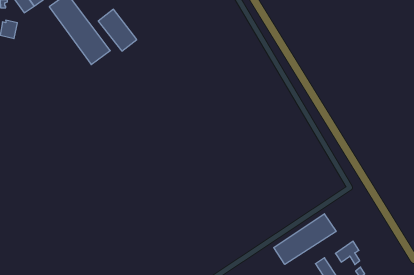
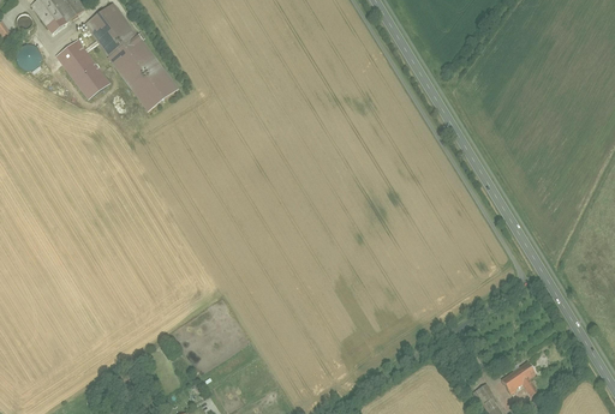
building: [98,9,137,51] -> [54,38,109,98]
building: [274,214,336,264] -> none

